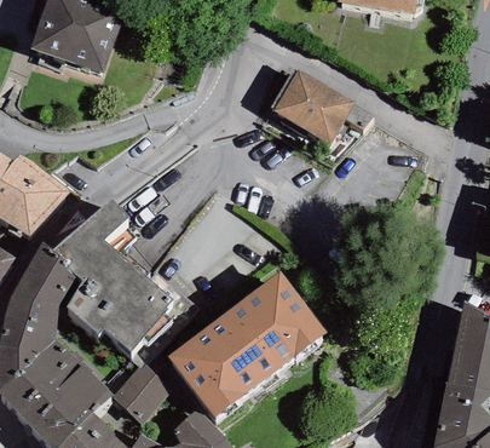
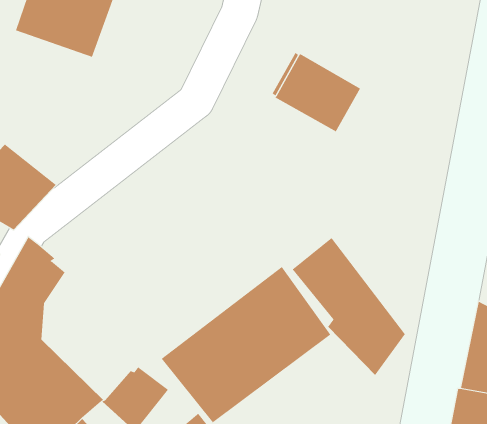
building: [53,200,173,352] -> none
building: none -> [292,237,406,376]

